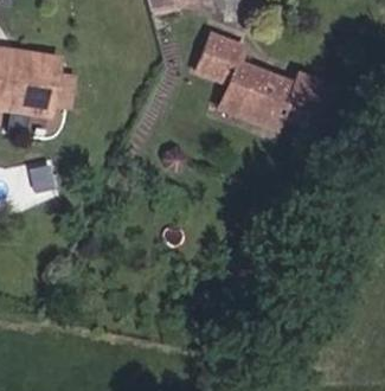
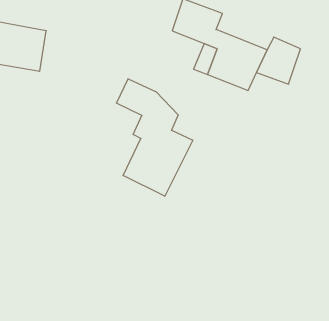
building: none -> [117,79,193,196]

